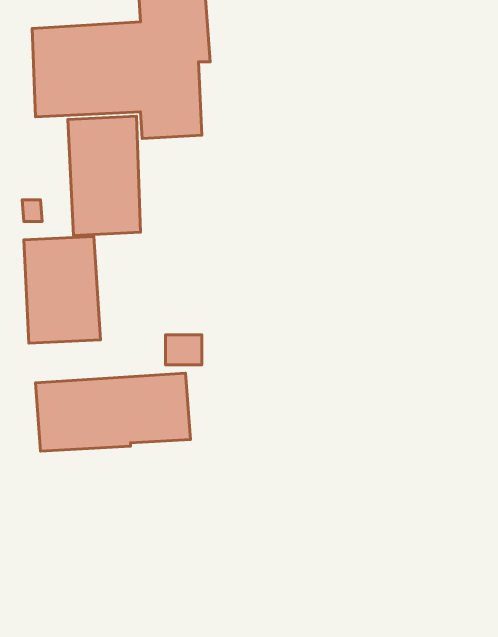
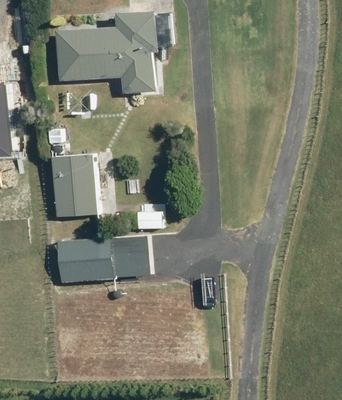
building: [68,116,141,235] -> none

